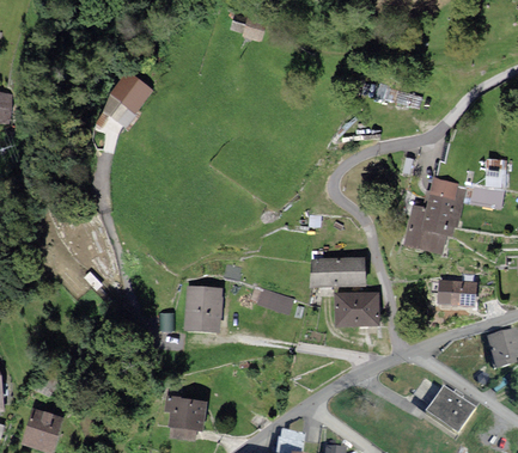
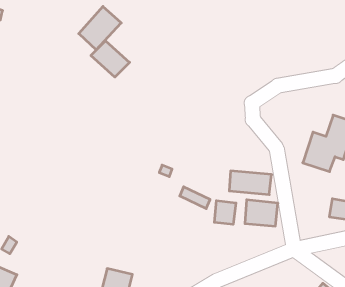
building: none -> [91,41,130,77]
building: [183,283,217,326] -> none
building: none -> [214,201,236,224]

